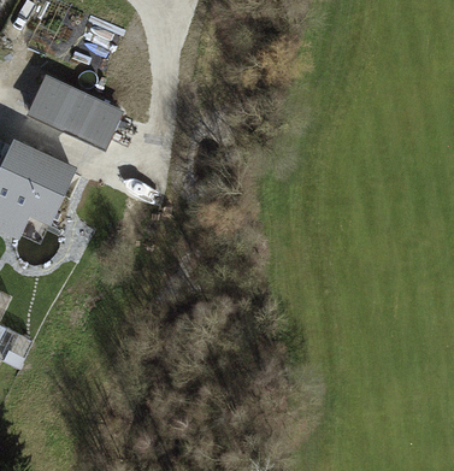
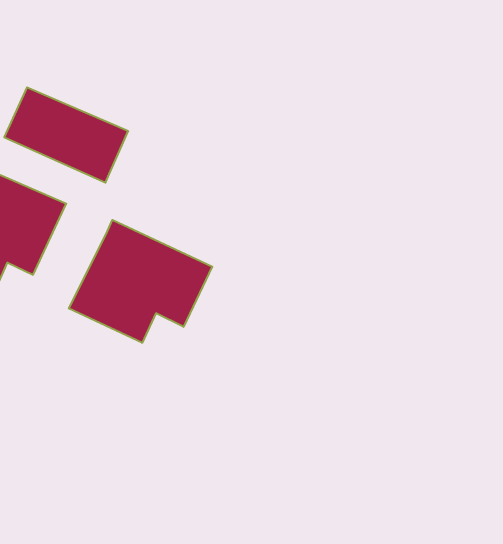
building: none -> [69,220,212,343]

